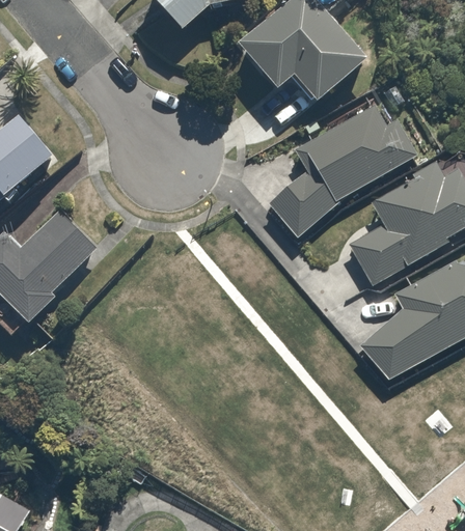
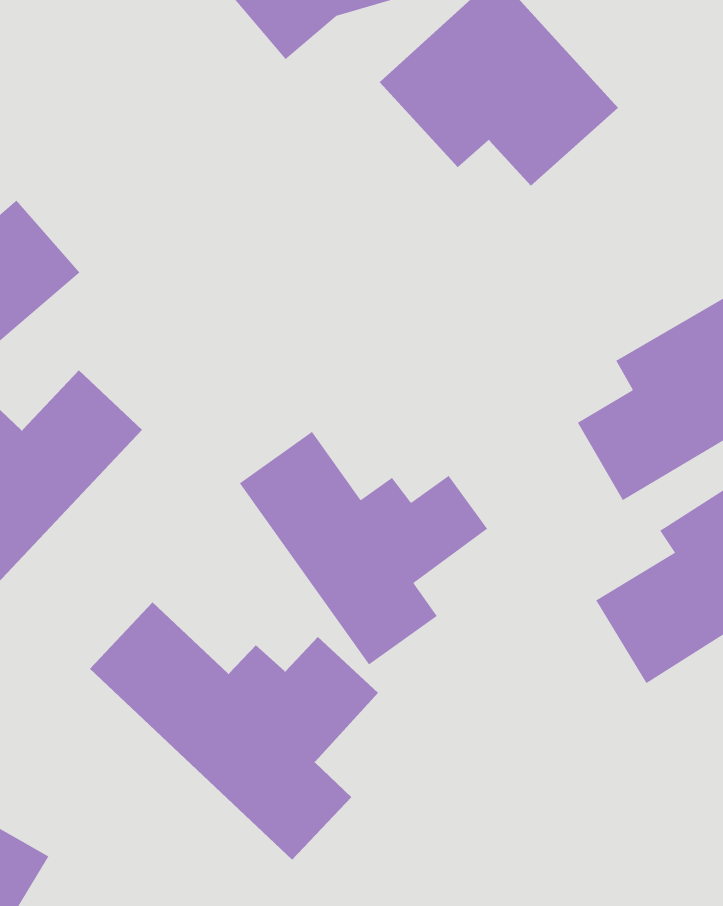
building: [264,105,414,239] -> none
building: none -> [239,431,488,665]
building: none -> [89,601,379,860]

